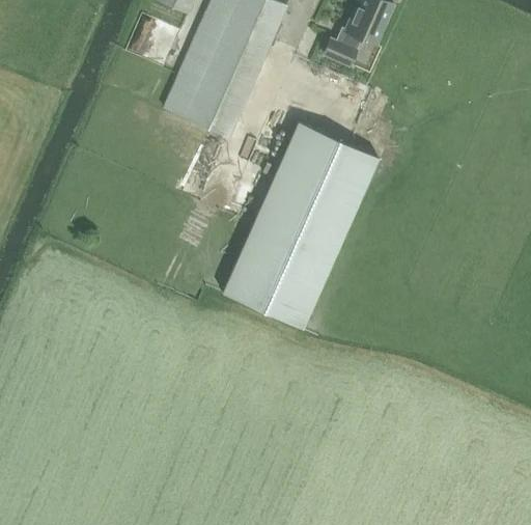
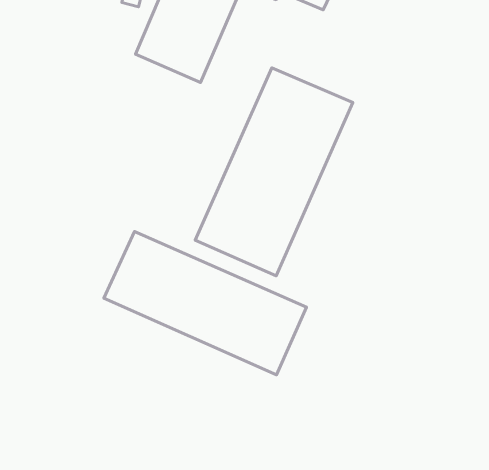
building: none -> [104,231,306,375]

